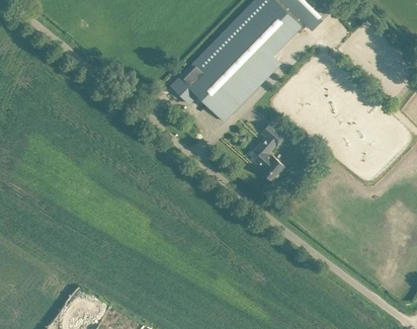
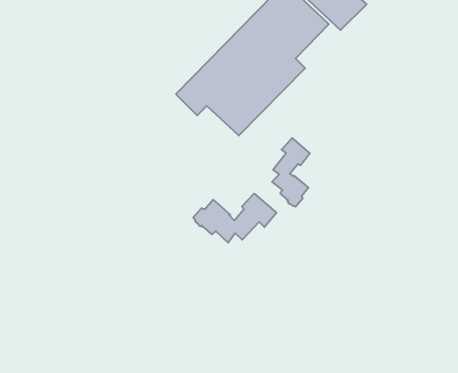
building: none -> [193,194,276,243]

